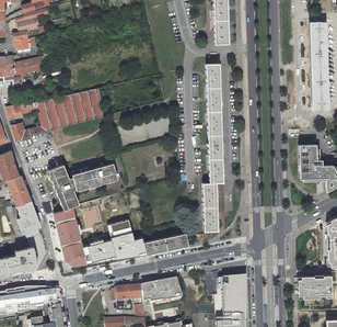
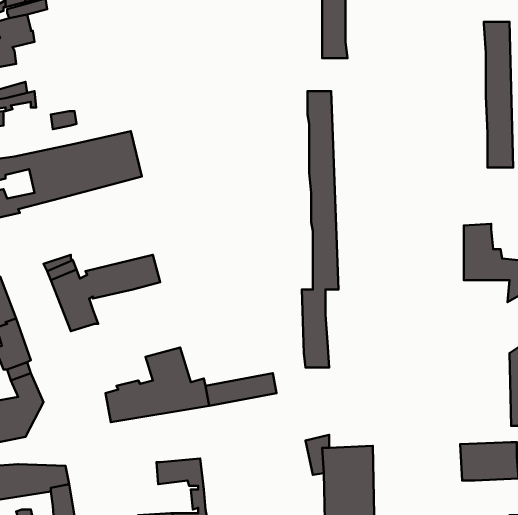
building: [53,206,86,266] -> none
building: [140,279,182,304] -> none

